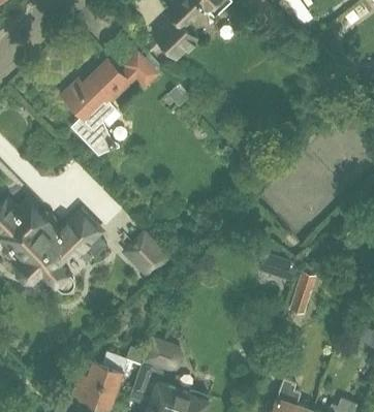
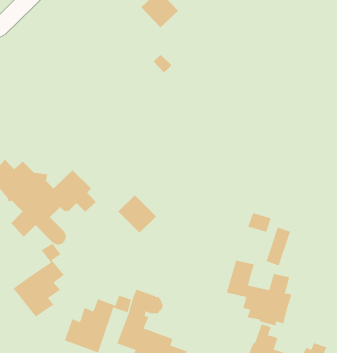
building: [63,55,156,155] -> none
building: none -> [13,243,65,318]
building: none -> [226,260,292,326]

